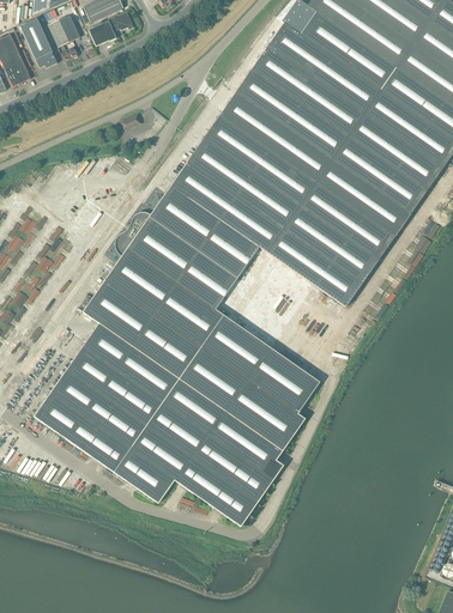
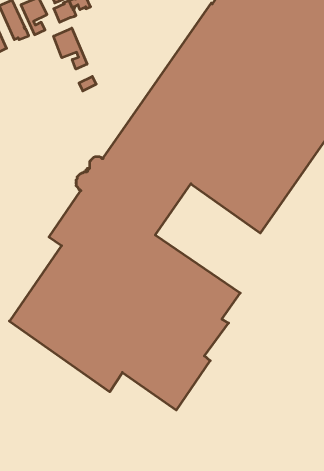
building: none -> [54,28,87,69]

